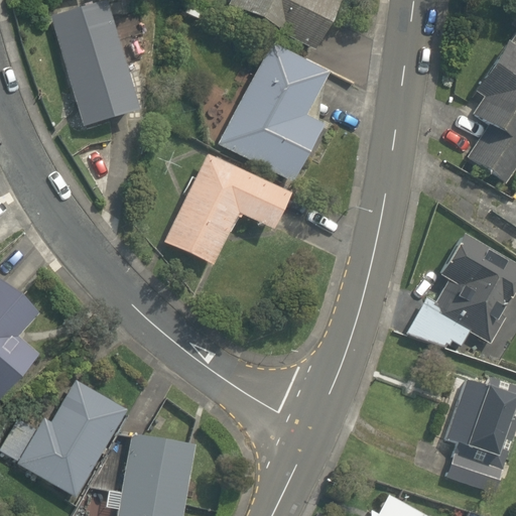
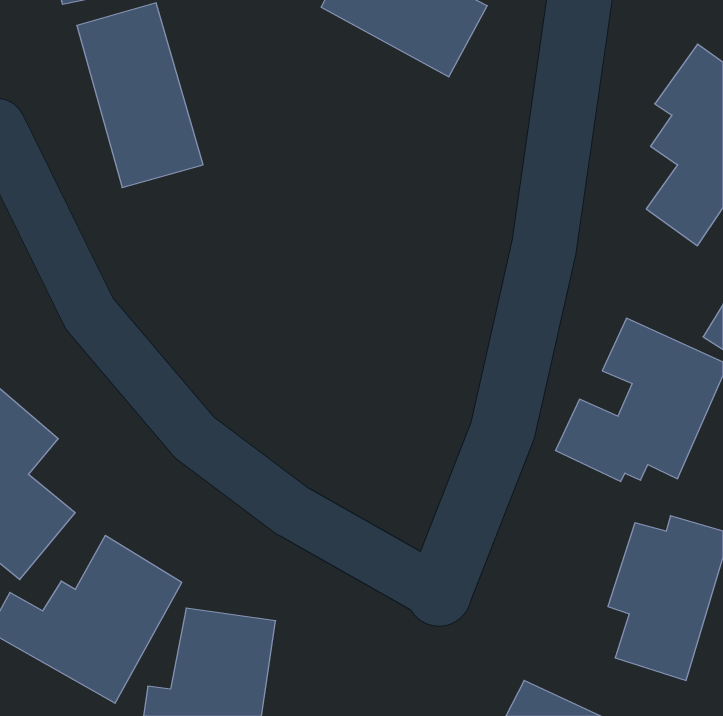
building: [222,44,339,183] -> none
building: [165,155,298,269] -> none

